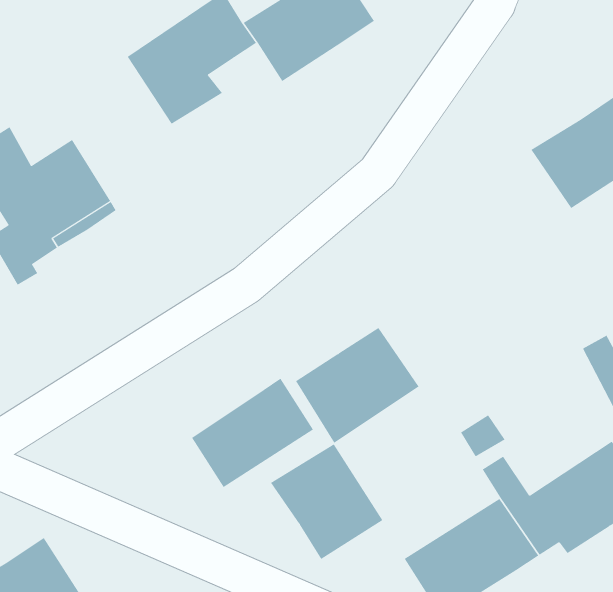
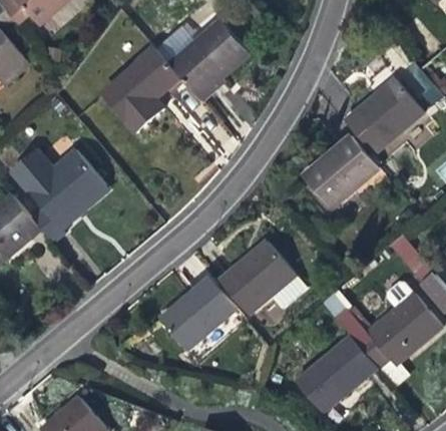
building: none -> [306,137,381,211]
building: [270,444,383,560] -> none

